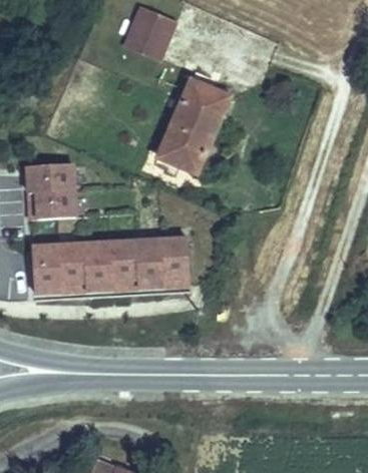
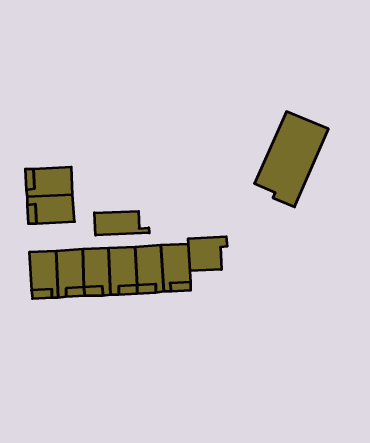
building: [125,6,173,55] -> none
building: [158,79,231,172] -> [254,112,328,207]
building: none -> [94,211,149,235]
building: none -> [188,237,227,271]

